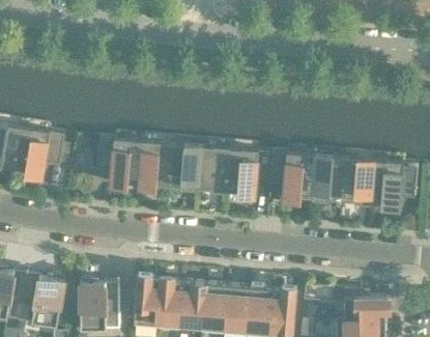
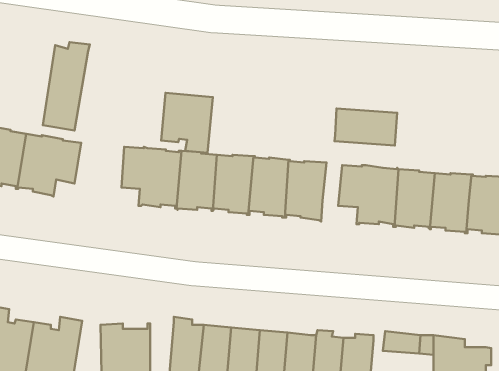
building: none -> [43,42,90,131]
building: none -> [161,93,213,153]
building: none -> [334,108,397,146]

